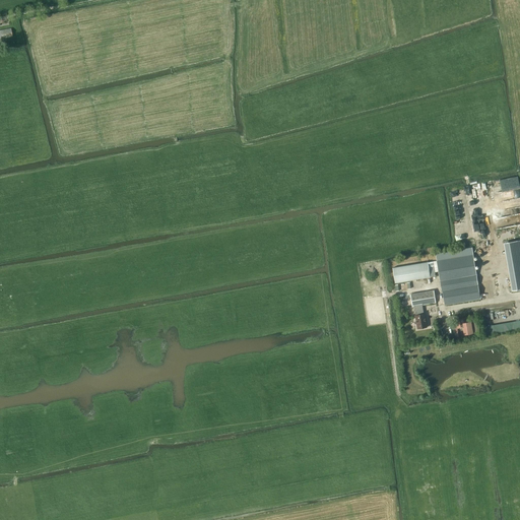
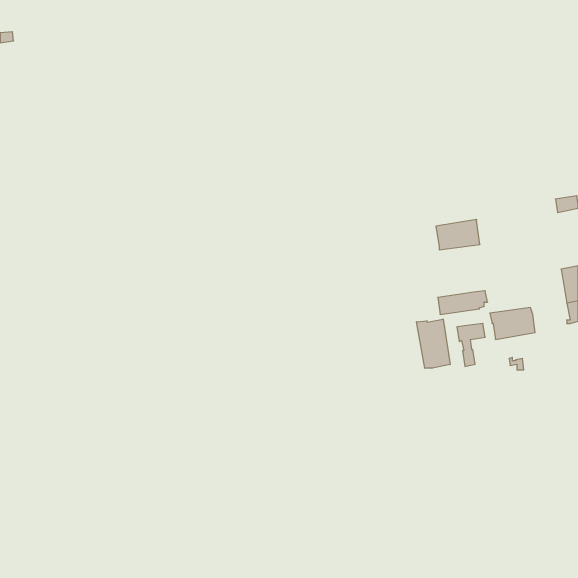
building: [437,254,476,281] -> [436,219,480,250]
building: none -> [416,319,450,368]

